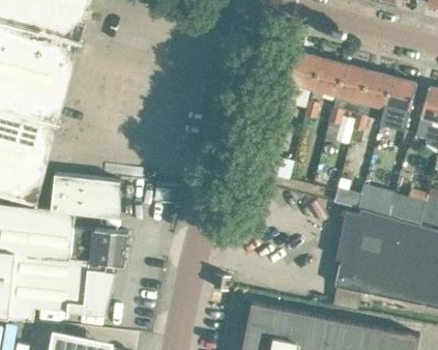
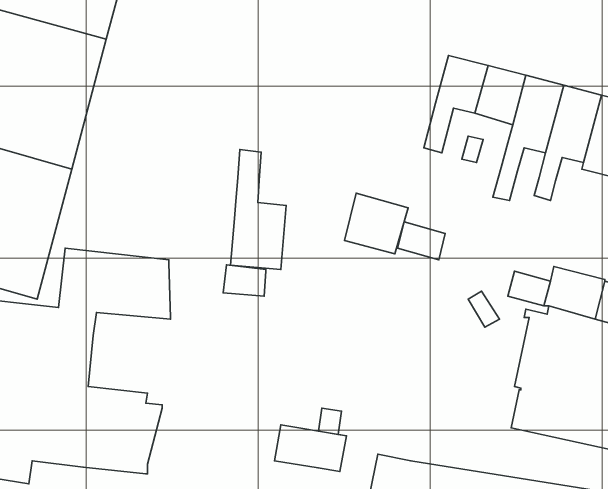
building: none -> [230,149,286,270]
building: none -> [345,193,408,254]
building: [68,228,126,265] -> none
building: none -> [274,425,346,472]

